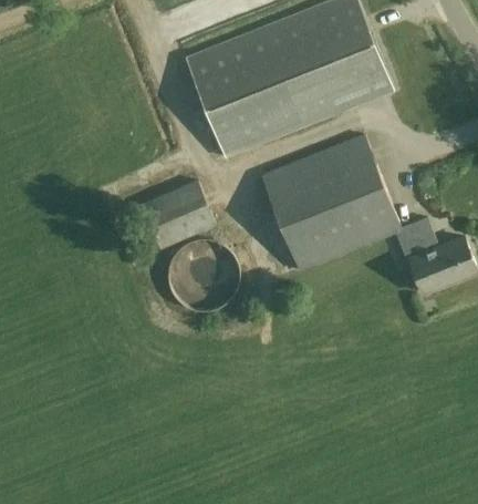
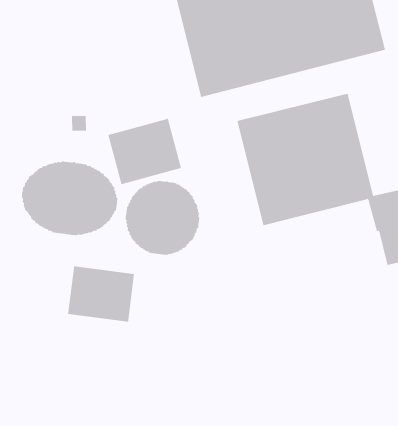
building: none -> [21,161,118,236]
building: none -> [68,266,135,322]

